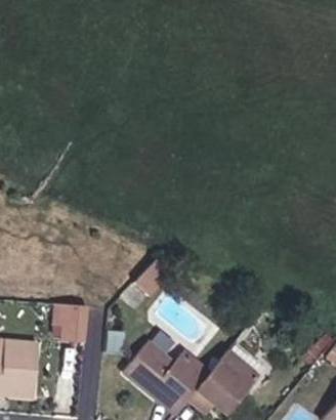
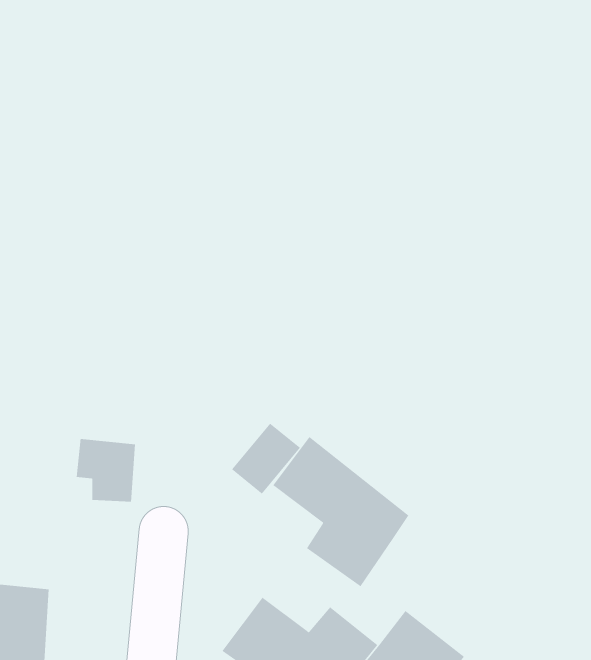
building: none -> [272,436,409,587]
building: [54,304,86,338] -> [76,438,136,502]

